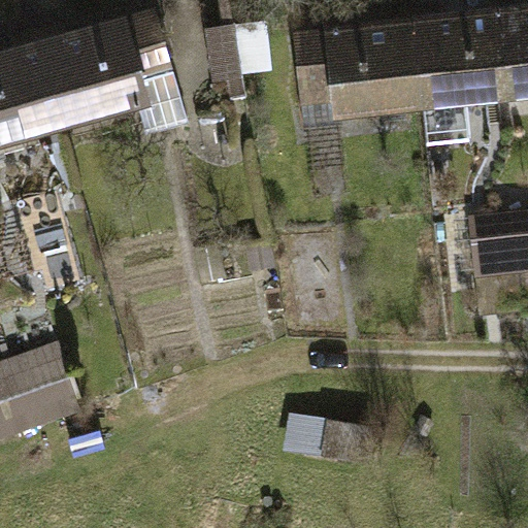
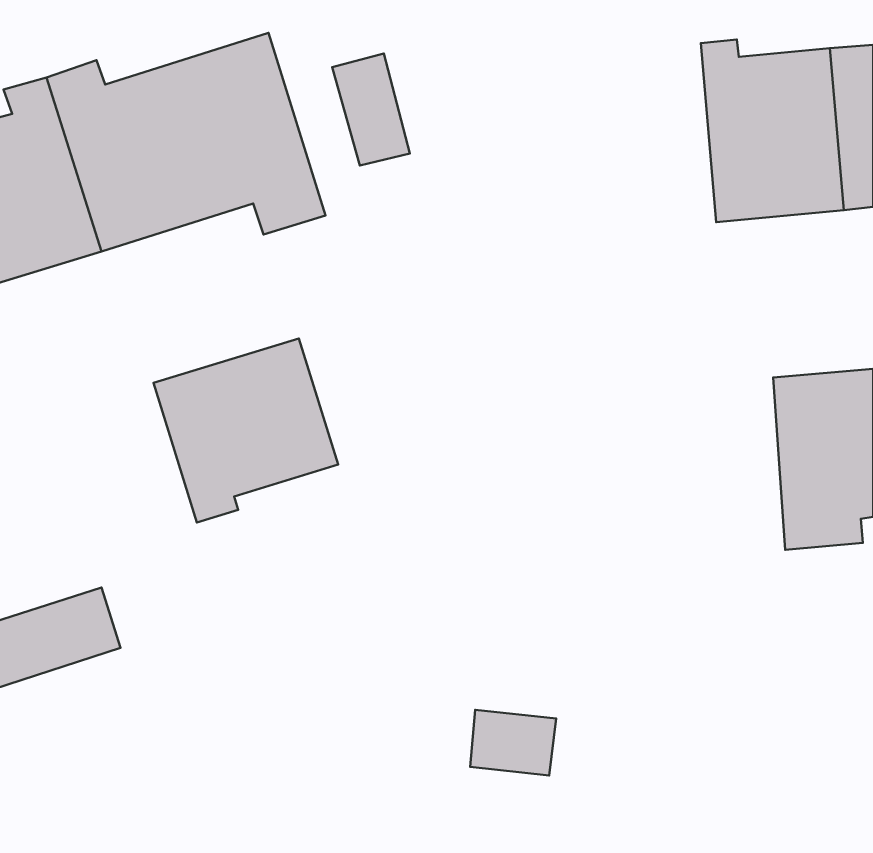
building: [299,26,429,151] -> none
building: none -> [153,338,338,523]

